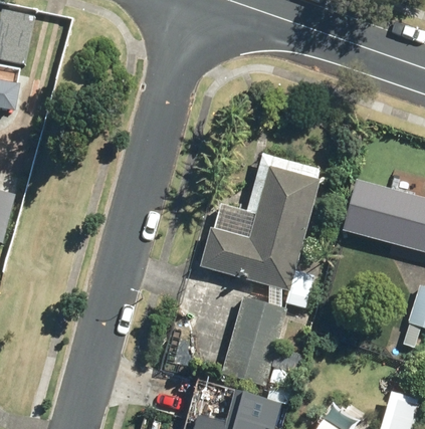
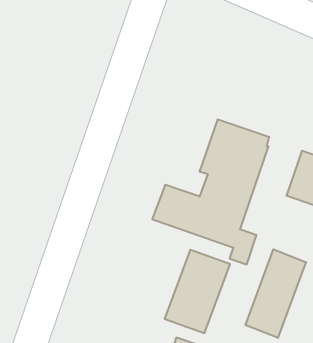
building: none -> [245,249,306,338]

